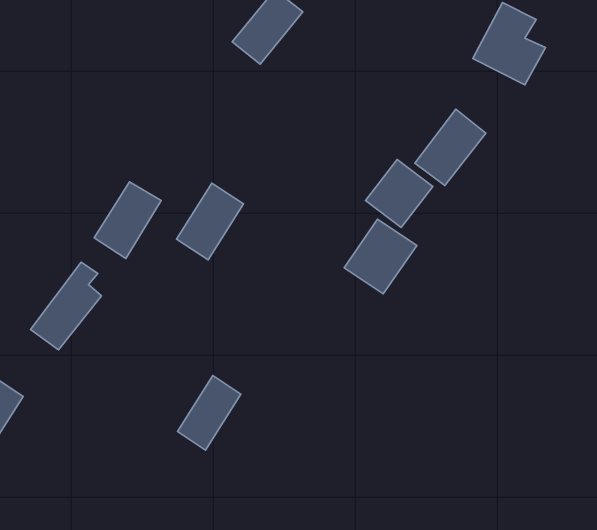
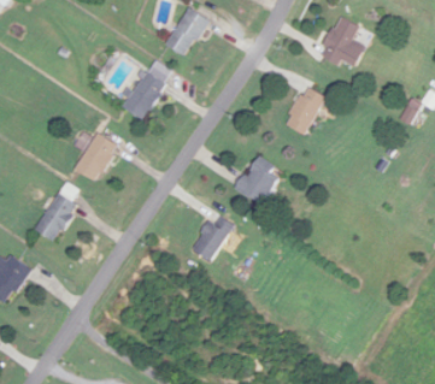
building: [365,159,433,228] -> none
building: [176,183,244,260] -> [122,70,165,119]
building: [178,375,241,450] -> [193,211,234,259]

